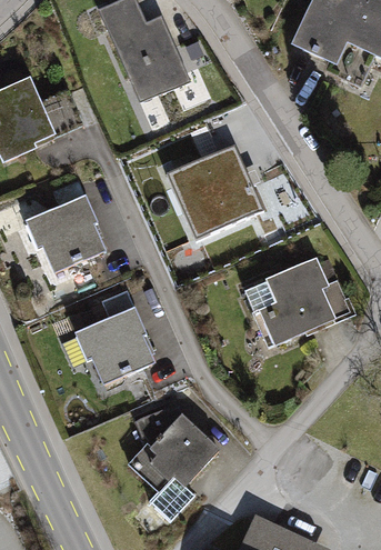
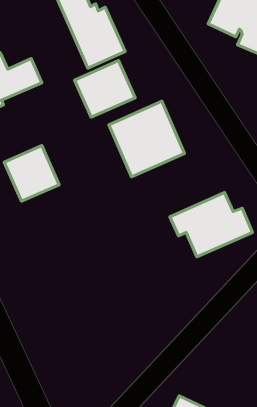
building: none -> [75,61,135,117]
building: [82,291,152,383] -> none
building: [129,407,219,520] -> none

